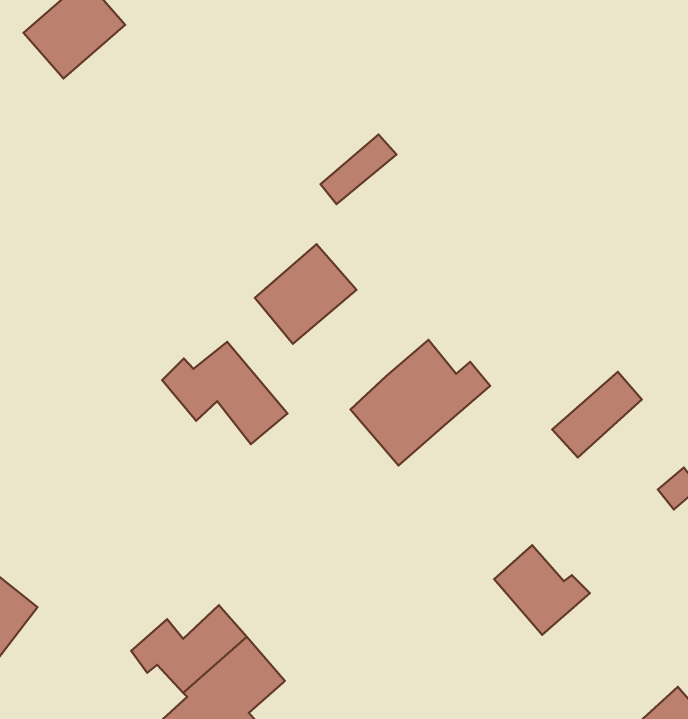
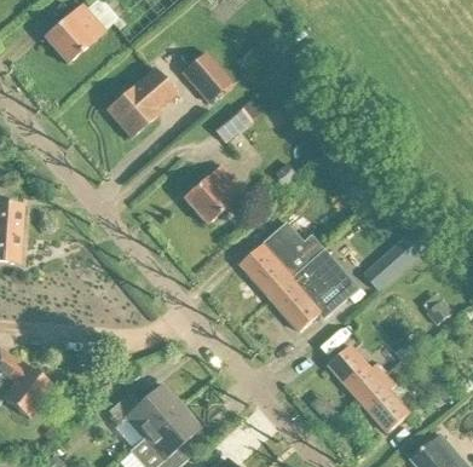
building: none -> [181,51,231,102]
building: none -> [105,68,174,137]
building: [162,342,287,444] -> none
building: none -> [270,249,360,331]
building: none -> [357,375,410,434]

